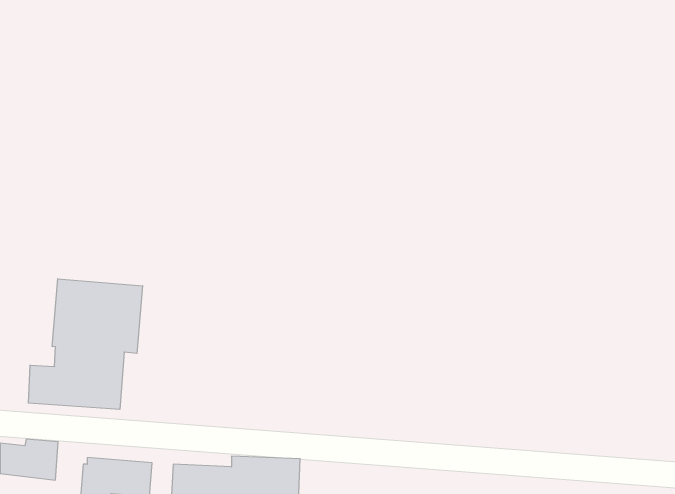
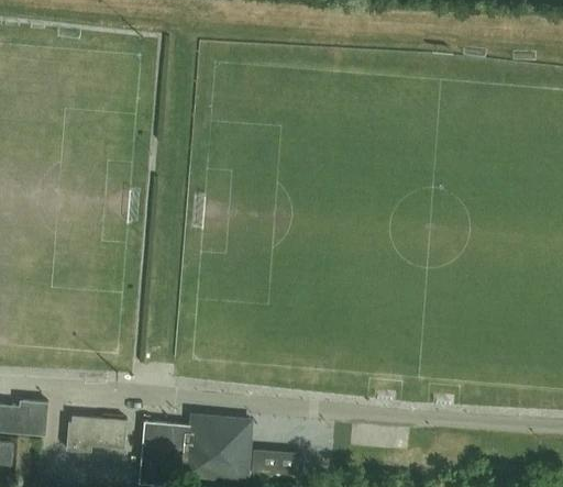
building: [28,279,143,409] -> none

